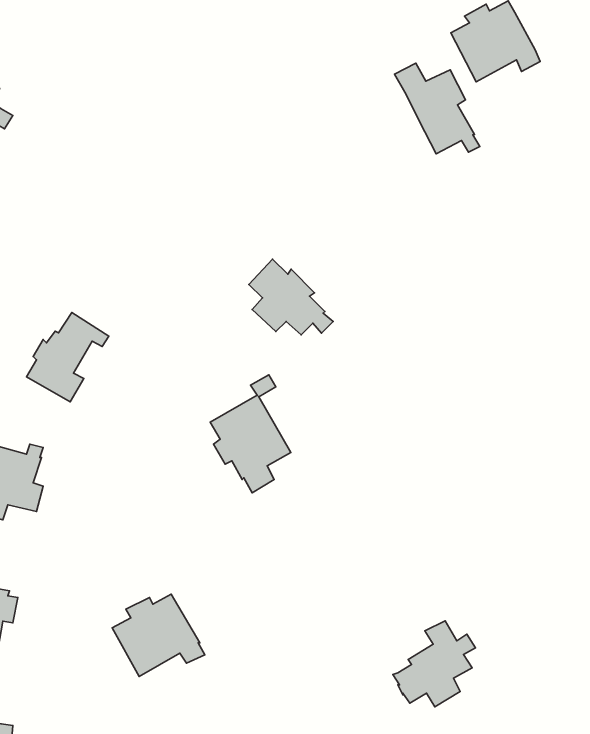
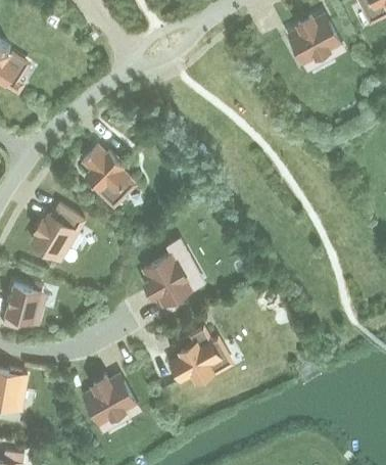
building: [395,63,480,154] -> none
building: [249,259,333,335] -> [83,145,134,191]
building: [393,621,475,707] -> [171,329,221,381]

